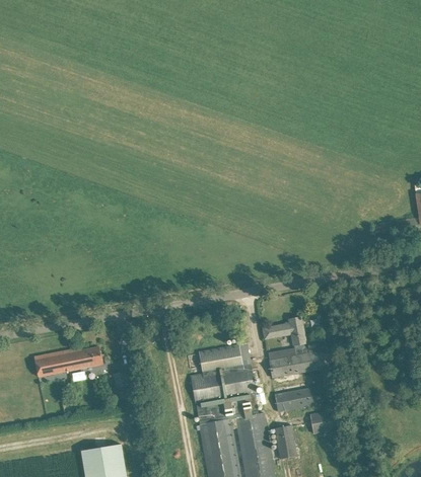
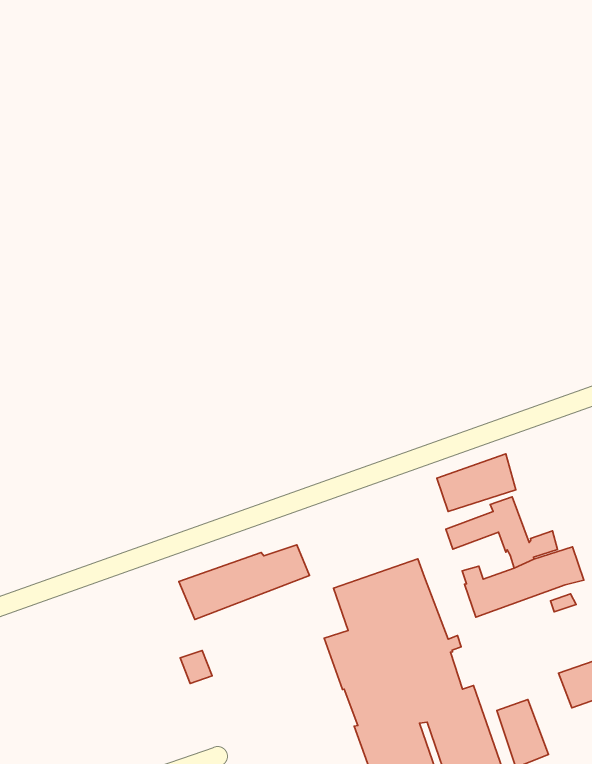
building: none -> [437,454,516,511]
building: [33,347,102,378] -> [179,545,310,620]
building: [274,387,318,415] -> none

